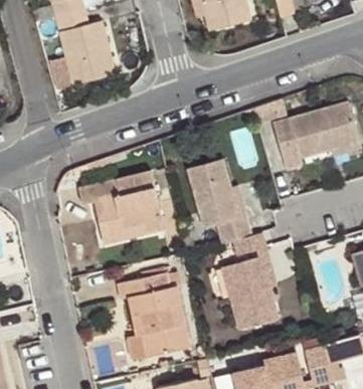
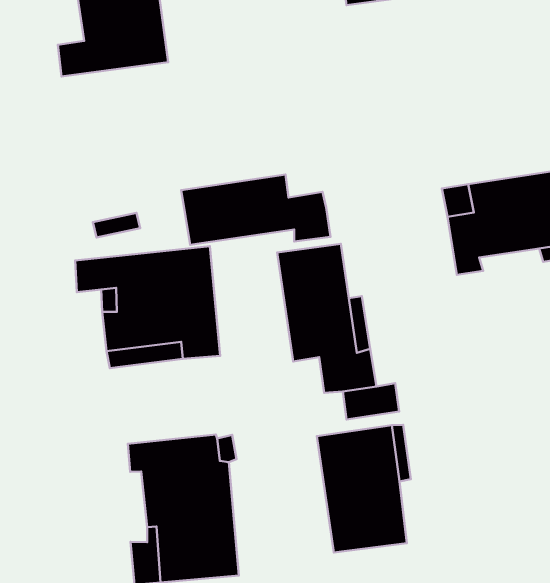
building: none -> [181,175,331,245]

